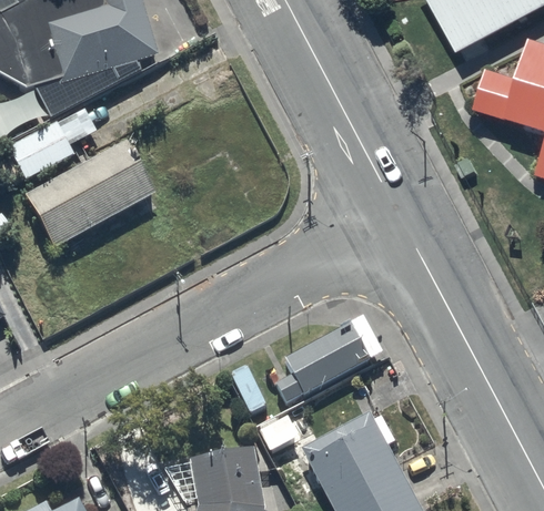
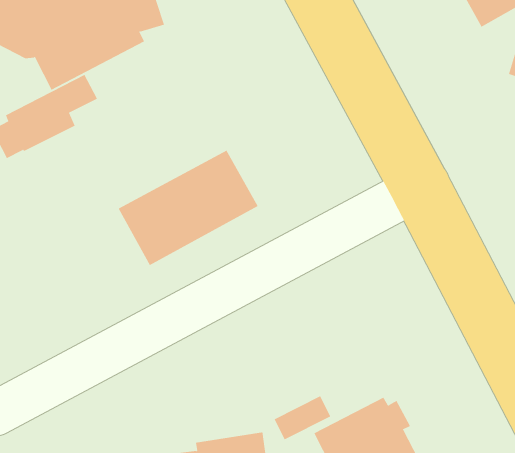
building: [24,136,158,246] -> [118,150,259,266]
building: [279,321,380,407] -> none

